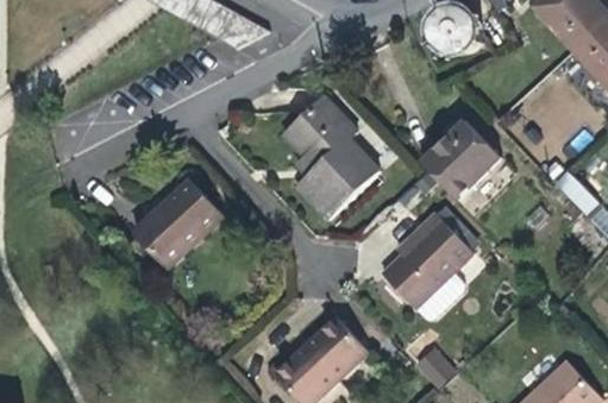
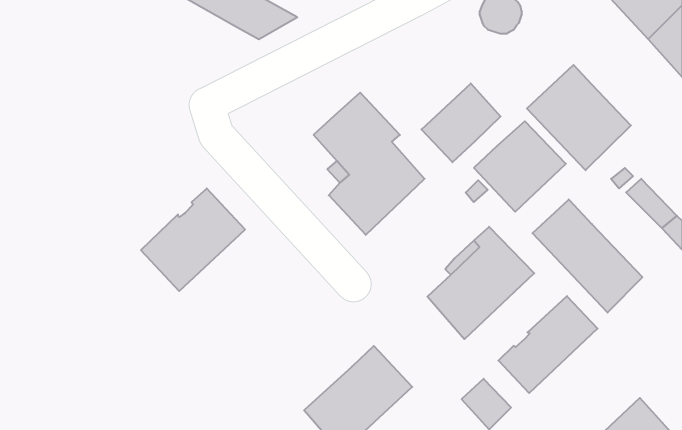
building: none -> [527,65,631,170]
building: none -> [421,83,501,162]
building: none -> [532,199,642,313]
building: none -> [498,296,598,393]

